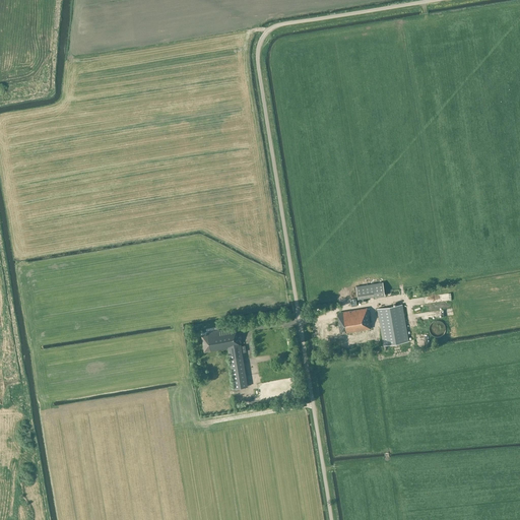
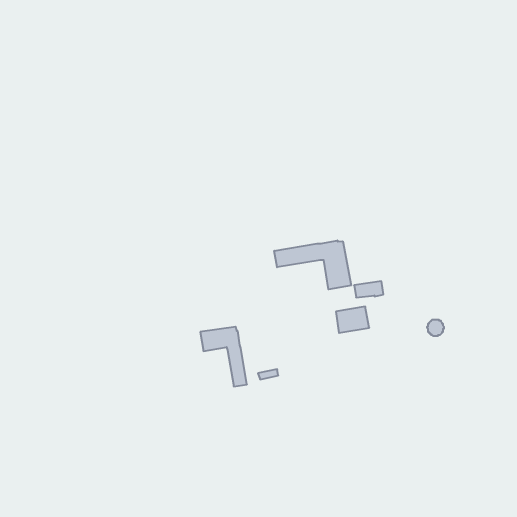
building: none -> [274,240,351,289]
building: [377,305,408,346] -> none

